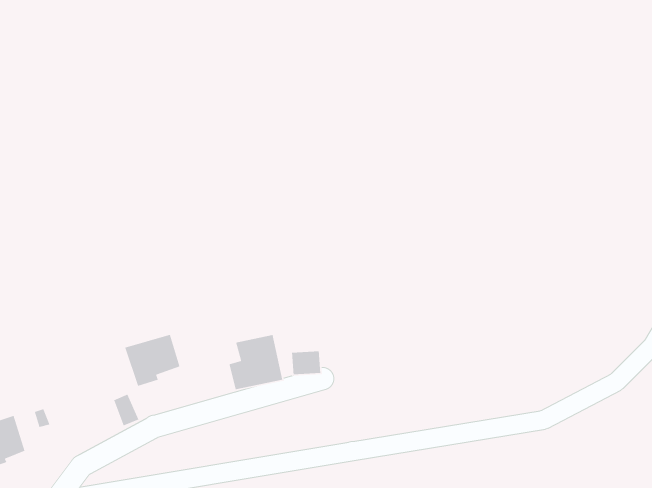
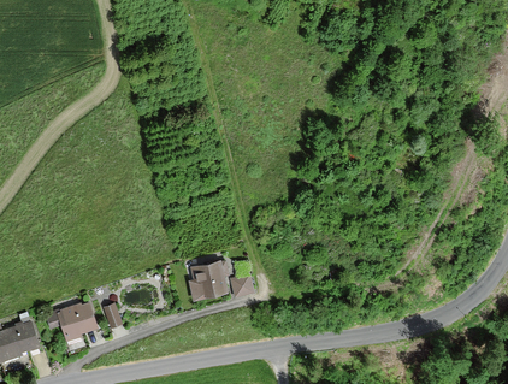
building: [124,334,180,387] -> [57,302,98,341]

